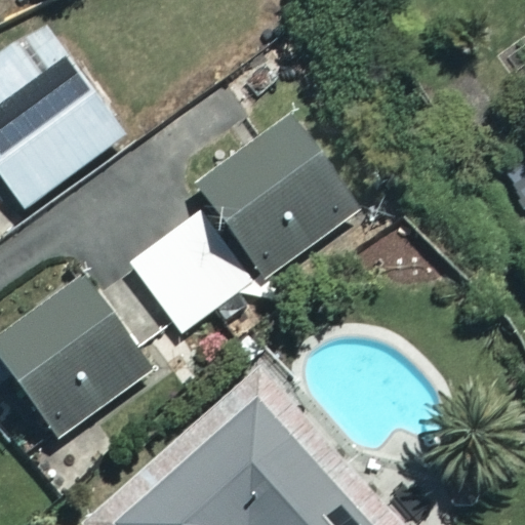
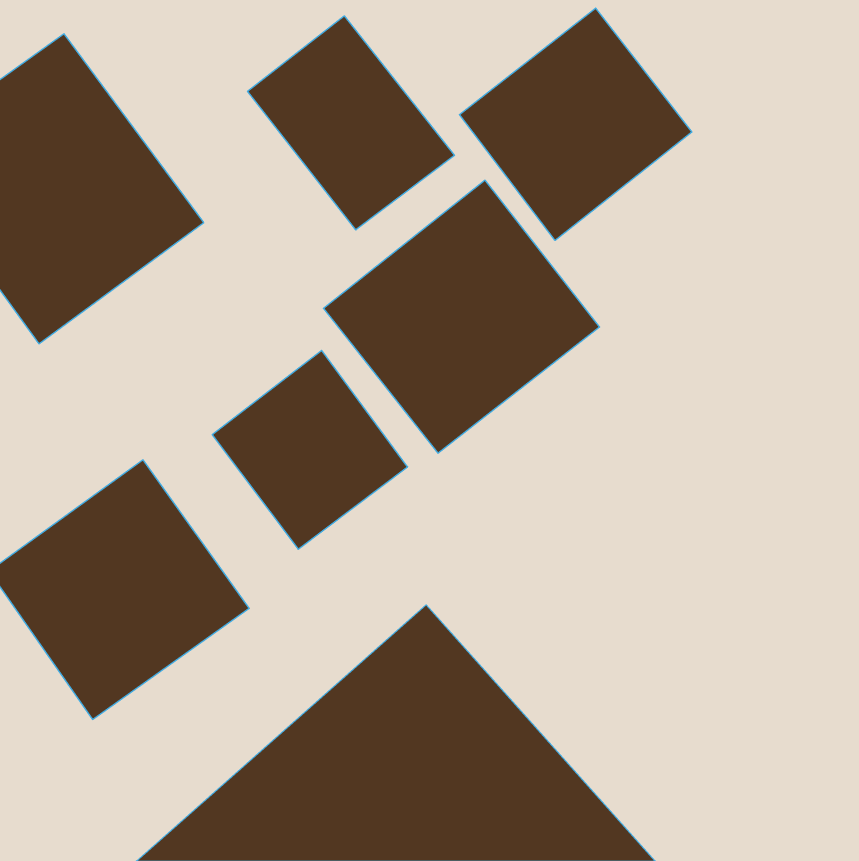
building: none -> [459,8,692,240]
building: none -> [248,16,454,230]

